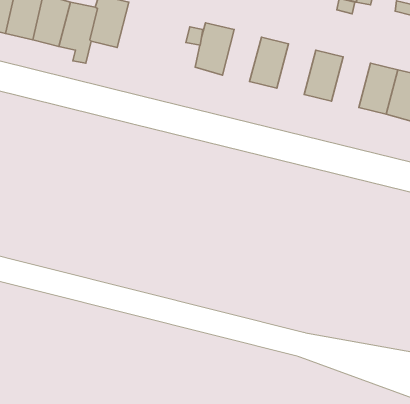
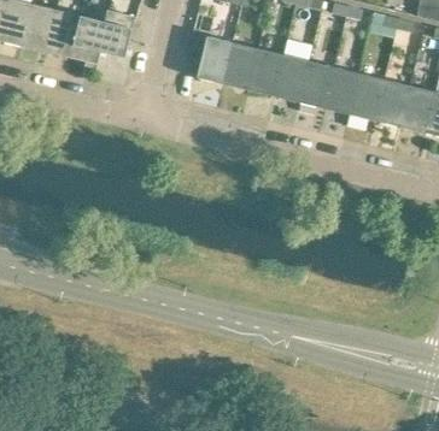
building: none -> [222,41,258,89]
building: none -> [273,54,309,101]
building: none -> [323,66,359,113]

